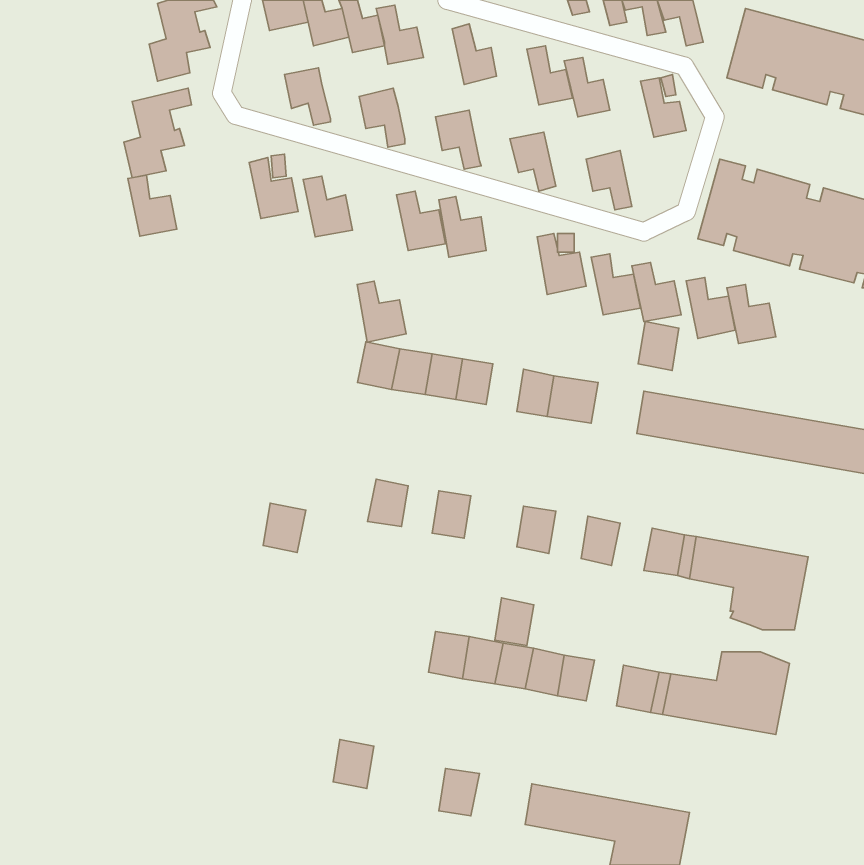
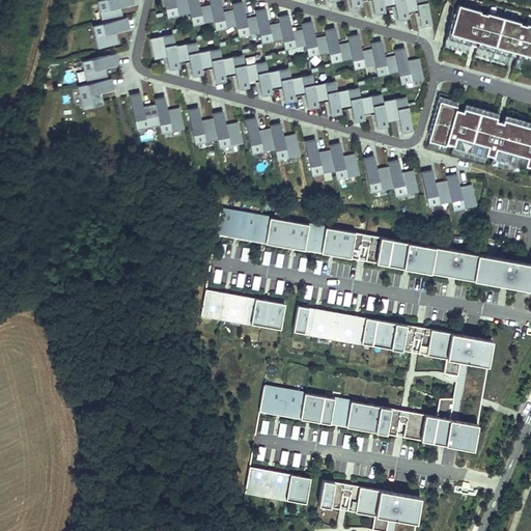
building: none -> [255,9,283,46]
building: none -> [301,22,328,58]
building: none -> [149,34,179,71]
building: none -> [370,43,397,79]
building: none -> [198,47,227,83]
building: none -> [245,60,273,96]
building: none -> [290,74,318,110]
building: none -> [337,87,365,123]
building: none -> [383,97,411,134]
building: [128,175,177,236] -> [129,92,159,130]
building: none -> [305,139,334,176]
building: [357,281,406,342] -> [213,112,243,149]
building: [638,321,679,370] -> [370,235,395,266]
building: none -> [299,223,322,252]
building: none -> [247,298,270,327]
building: [263,503,306,552] -> [205,289,231,319]
building: none -> [337,313,361,342]
building: none -> [375,320,400,350]
building: [495,598,534,645] -> [298,306,322,335]
building: none -> [456,383,487,407]
building: none -> [360,404,383,432]
building: [333,740,374,789] -> [249,467,274,497]
building: none -> [289,474,313,503]

